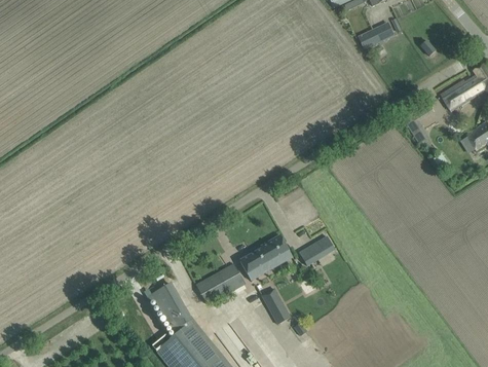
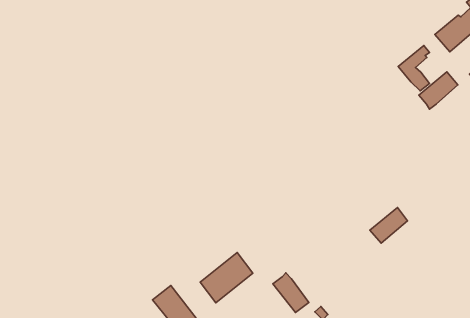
building: none -> [419,72,458,109]
building: [238,234,292,280] -> none
building: [298,235,333,265] -> [370,208,408,243]

